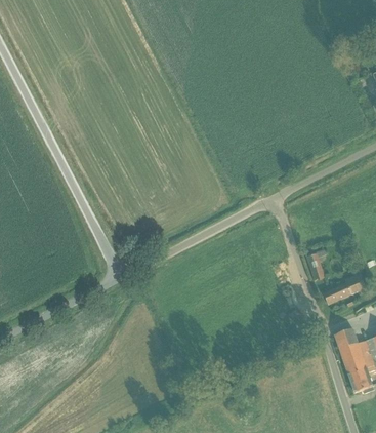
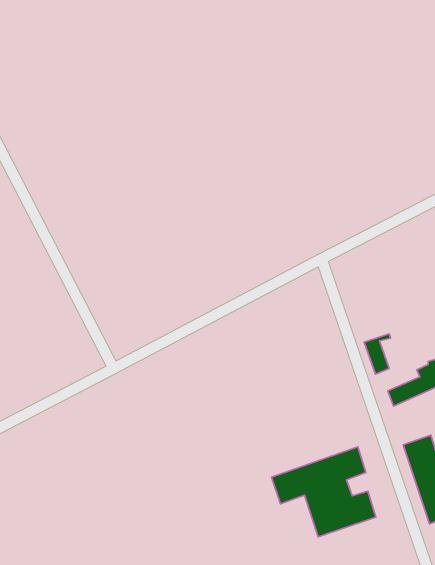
building: none -> [272,447,376,537]

